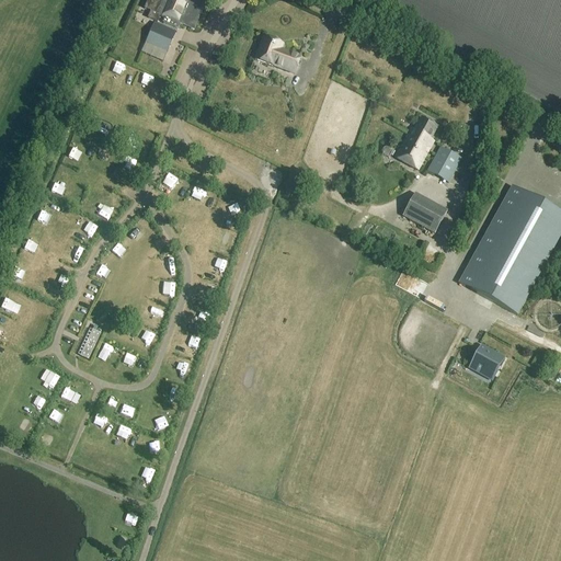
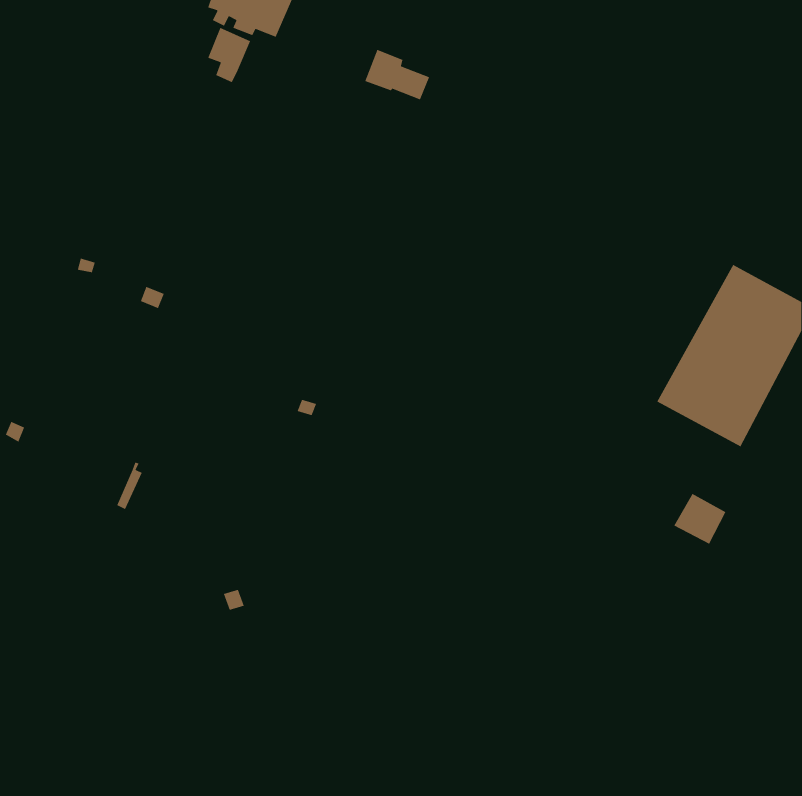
building: [393,115,437,168] -> none
building: [428,145,462,181] -> none
building: [403,191,447,230] -> none

